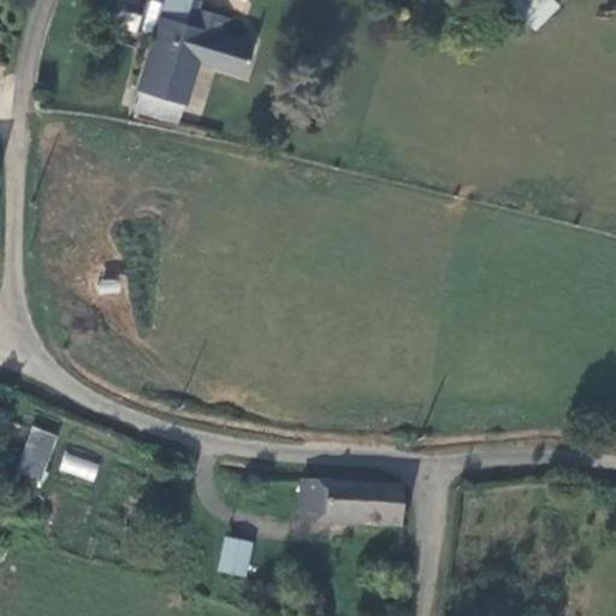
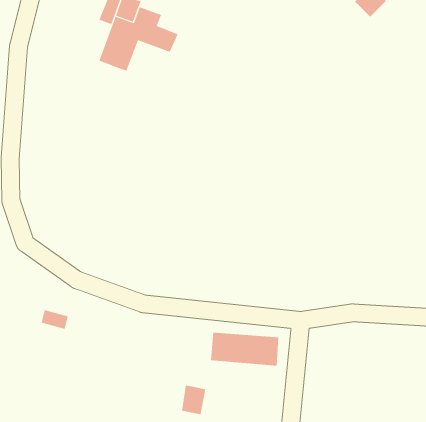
building: [16,421,58,476] -> none
building: [217,529,253,573] -> [181,385,206,415]

